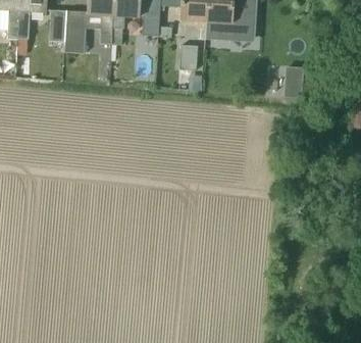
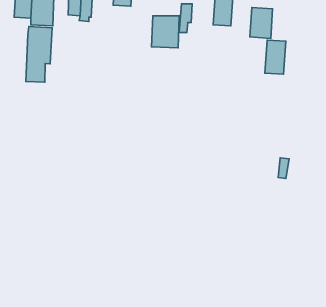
building: none -> [250,7,273,38]
building: none -> [26,27,52,82]

